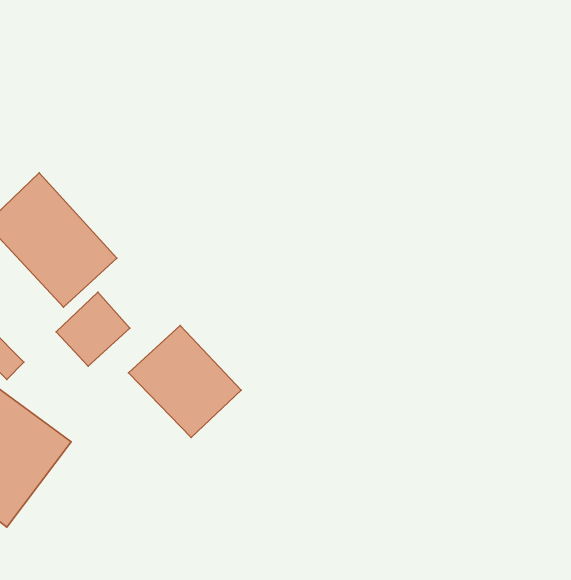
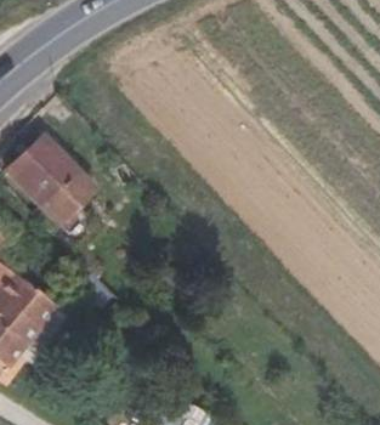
building: [129,325,241,438] -> none

